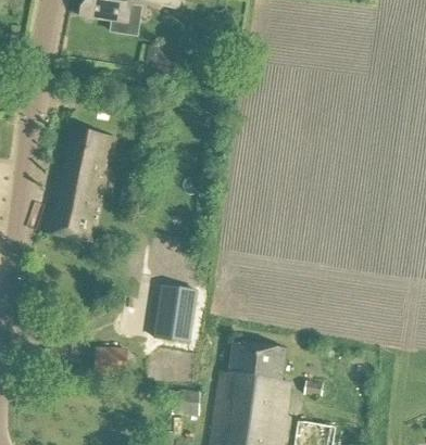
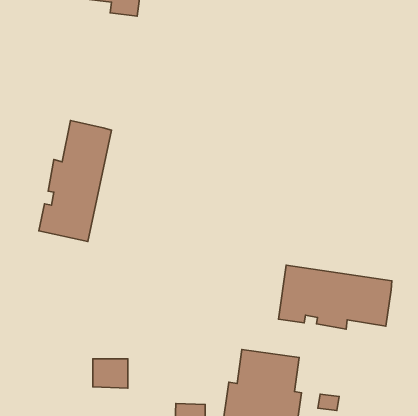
building: none -> [278,265,392,329]
building: [154,284,197,342] -> none

